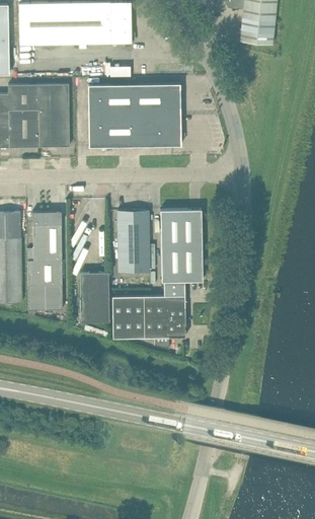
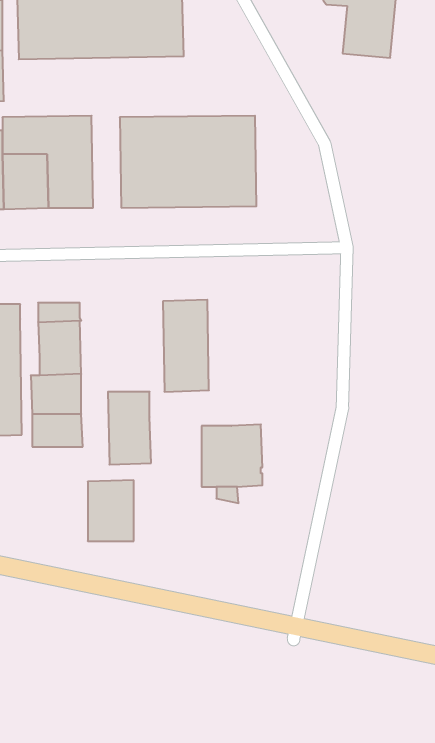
building: [160,209,203,296] -> none
building: [112,296,144,338] -> [88,480,134,541]

